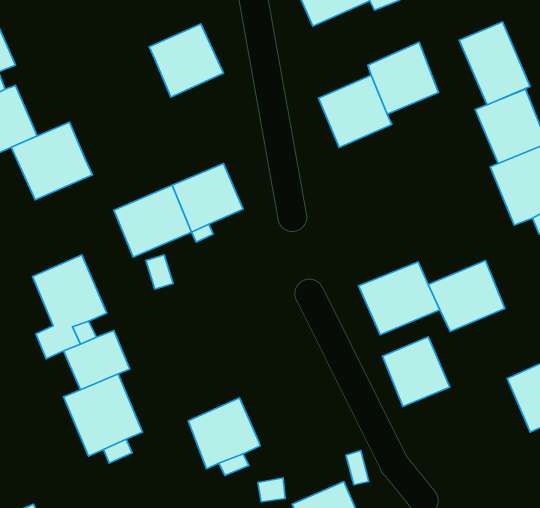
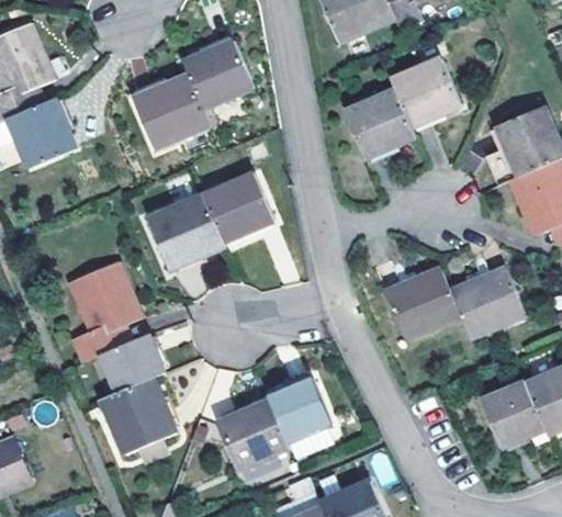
building: [459,22,530,105] -> none
building: [11,122,93,200] -> [132,74,210,148]
building: [382,337,450,406] -> [481,378,546,445]
building: none -> [267,375,331,441]

